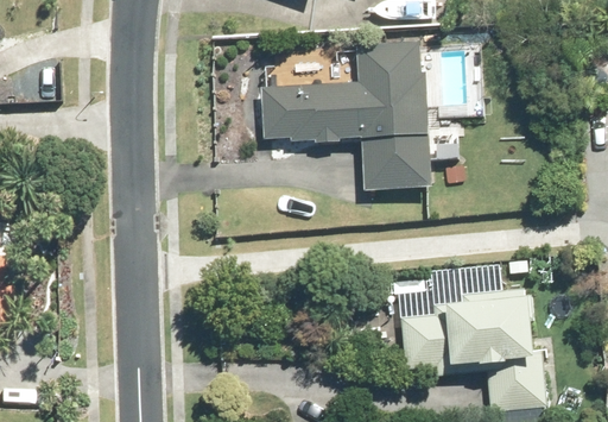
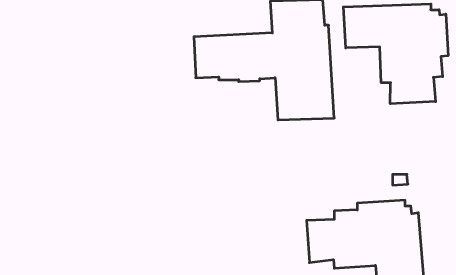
building: none -> [343,4,448,104]

